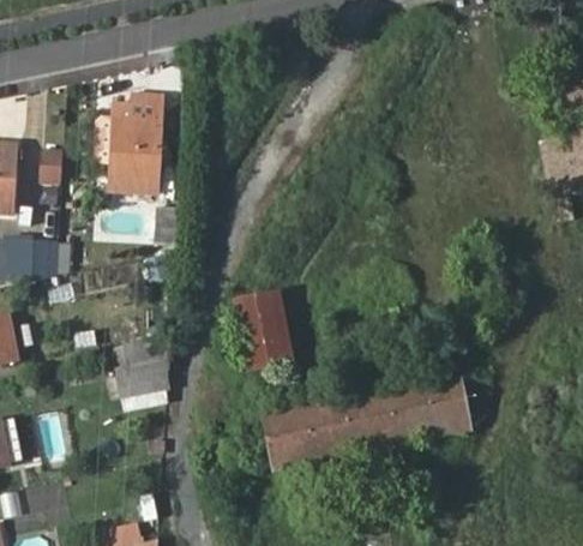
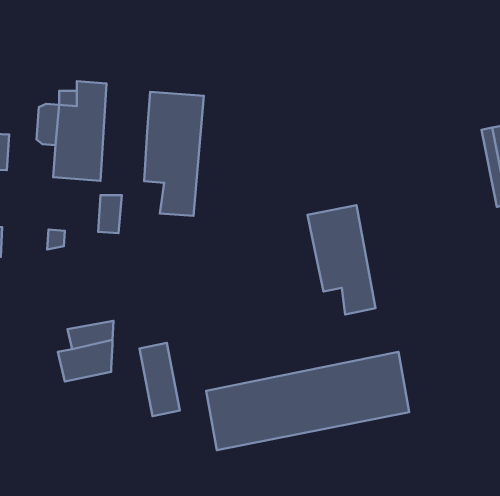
building: none -> [144,92,204,216]
building: none -> [308,205,376,315]
building: [244,292,284,366] -> [139,343,180,416]

